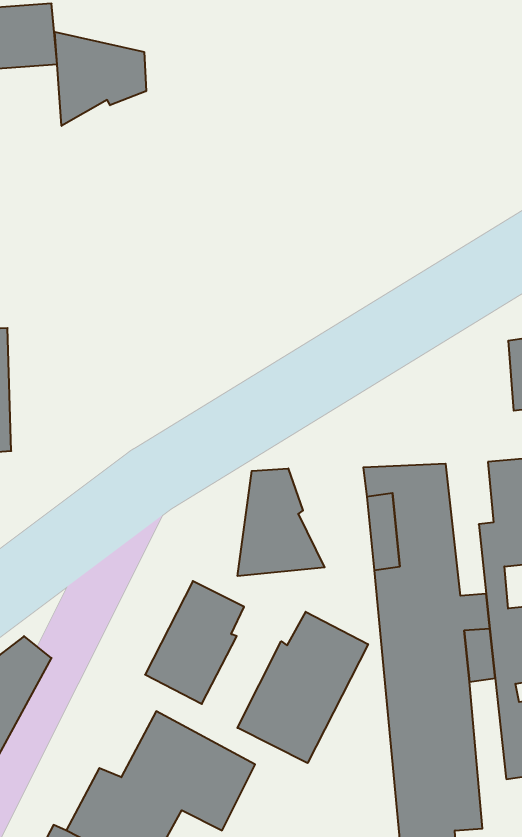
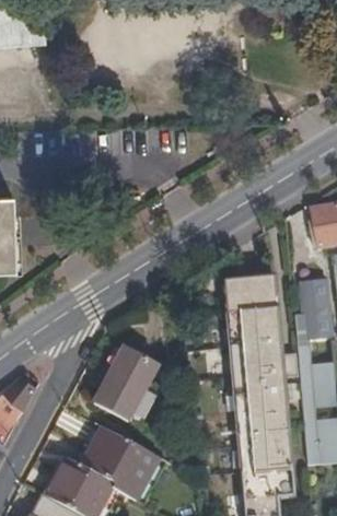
building: [55,32,146,126] -> none
building: [238,468,325,576] -> none
building: [237,612,368,763] -> none

